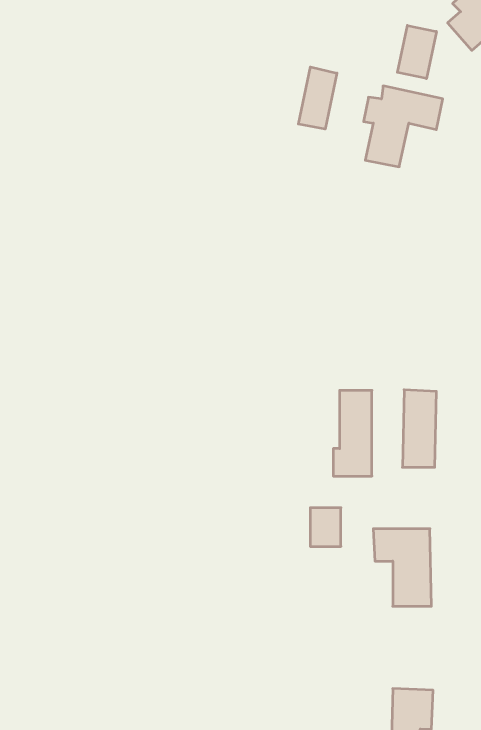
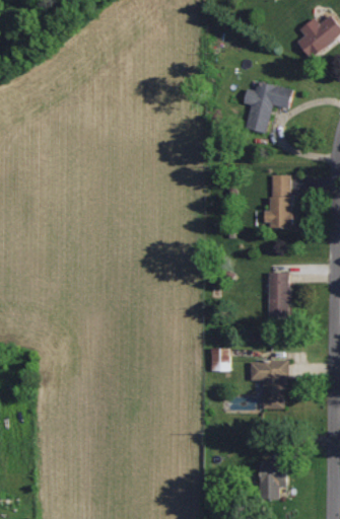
building: [397,25,436,79] -> none
building: [298,67,337,129] -> none
building: [333,390,372,476] -> [267,175,291,229]

